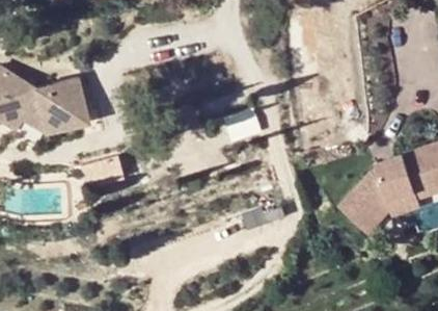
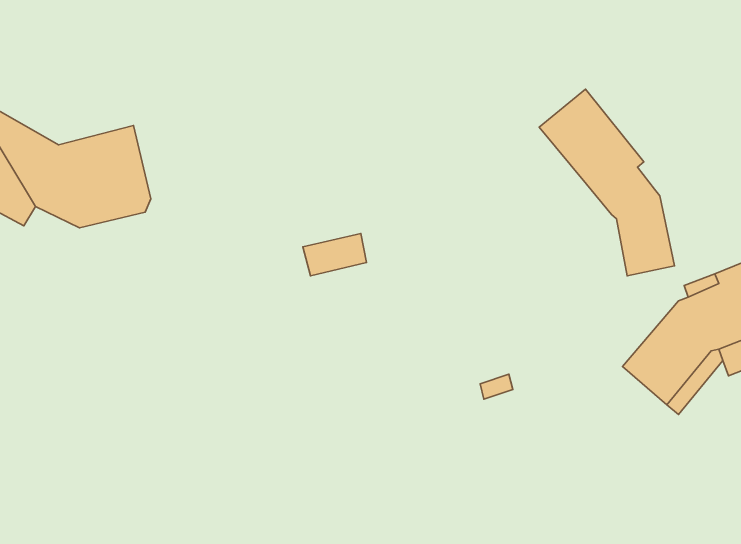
building: none -> [539,89,674,276]

